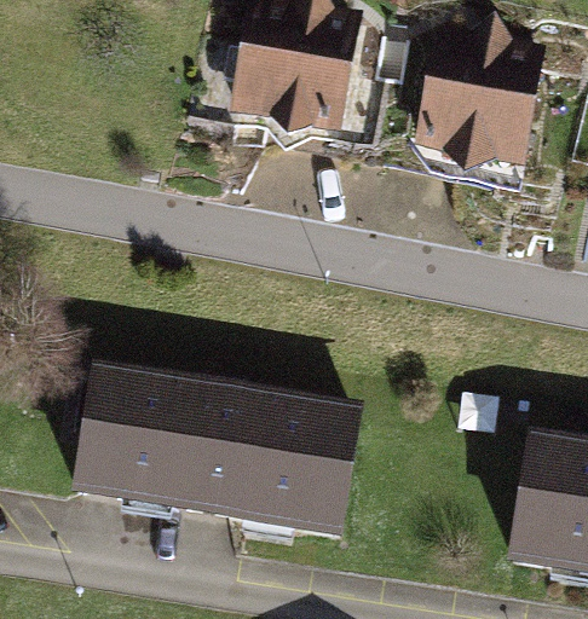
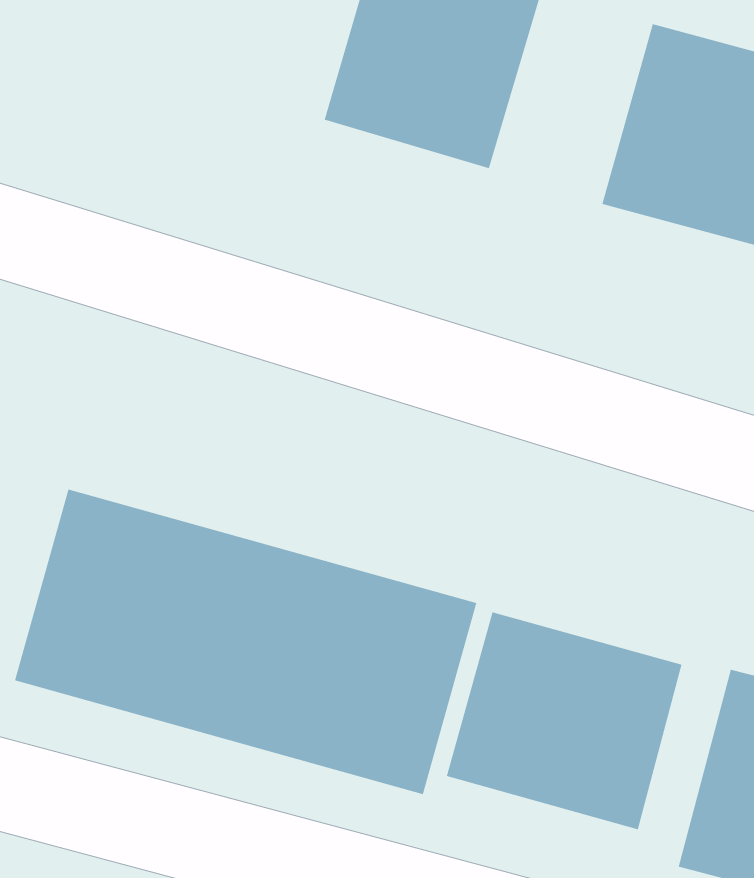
building: none -> [446,611,682,830]

